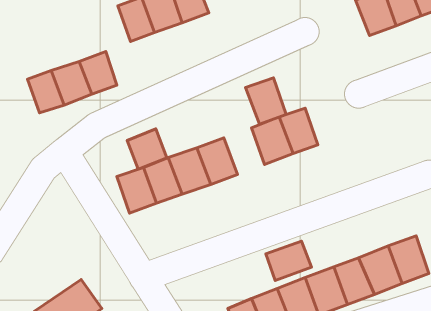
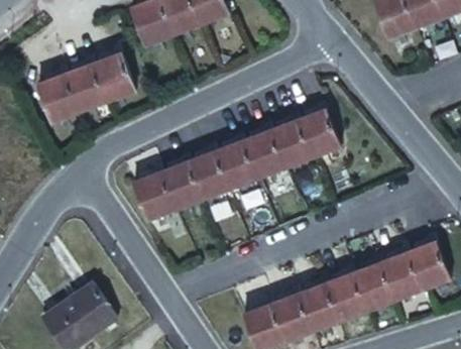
building: [246,78,286,124] -> [239,132,280,180]
building: [127,129,167,169] -> none
building: [266,241,311,281] -> none

